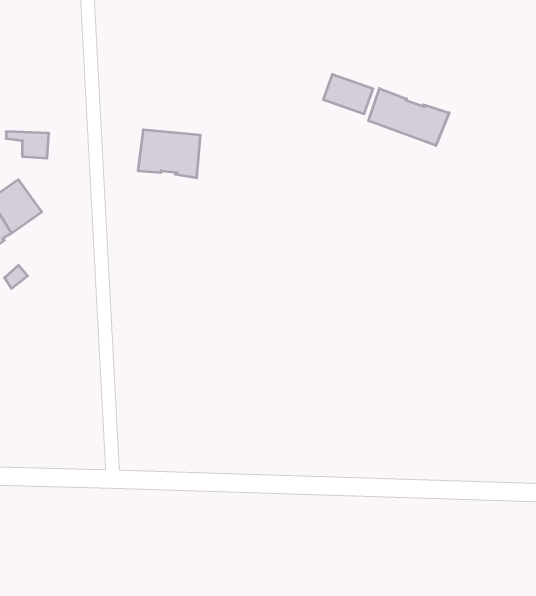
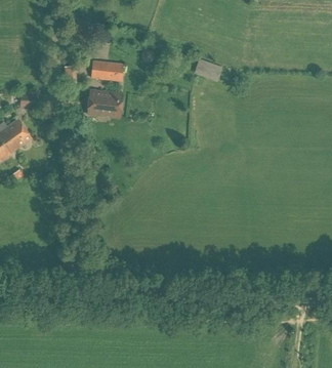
building: none -> [90,59,123,81]
building: [369,88,449,146] -> none

